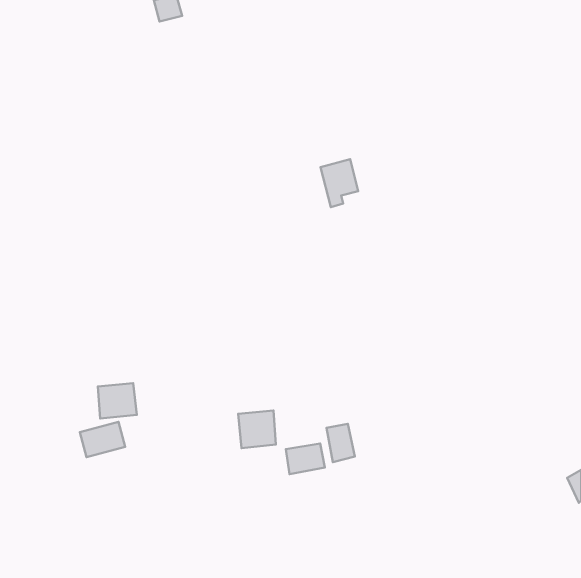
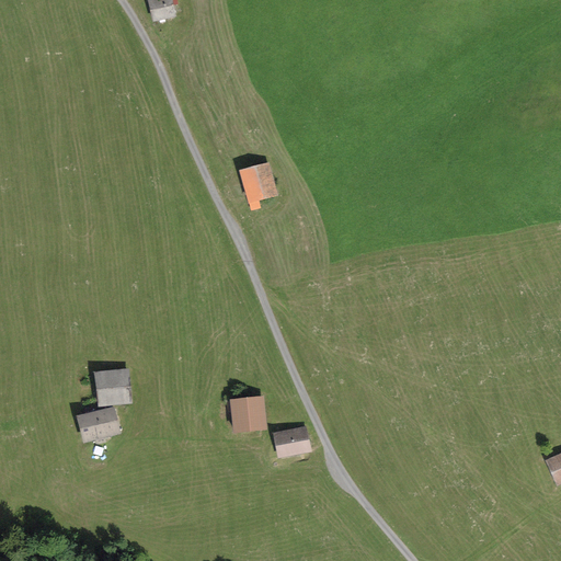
building: [321,159,358,207] -> [240,162,276,208]
building: [326,424,355,462] -> none

